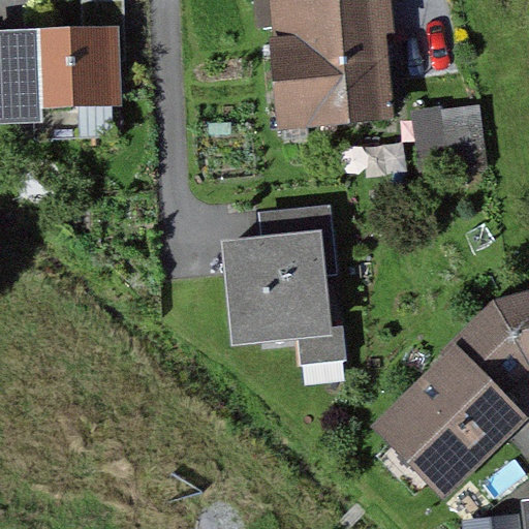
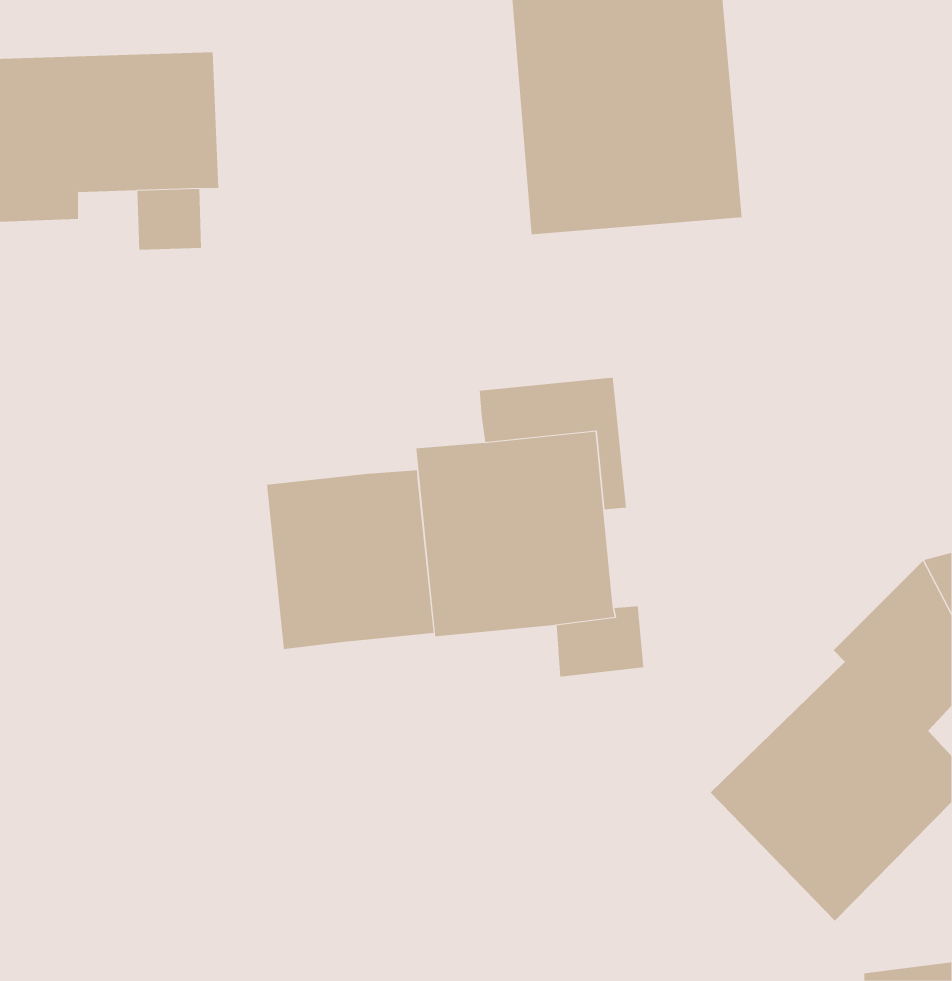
building: [410,106,483,170] -> none
building: none -> [267,469,434,650]

